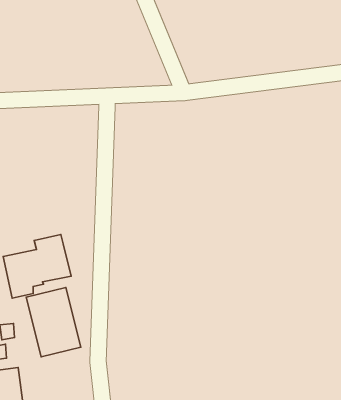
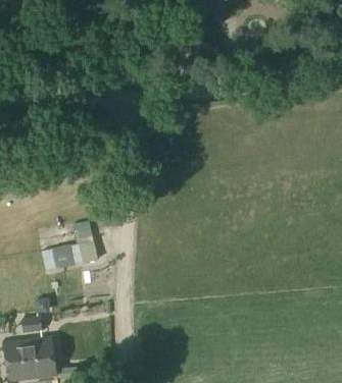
building: [26,287,81,357] -> none

